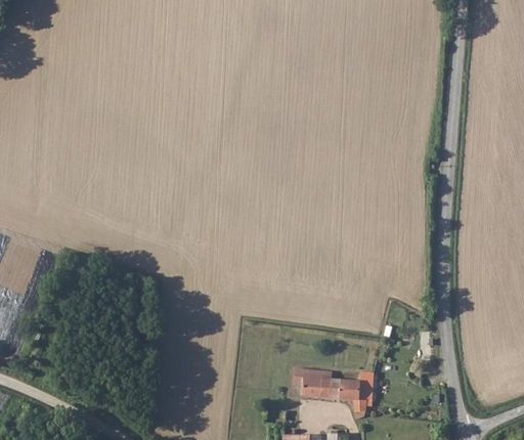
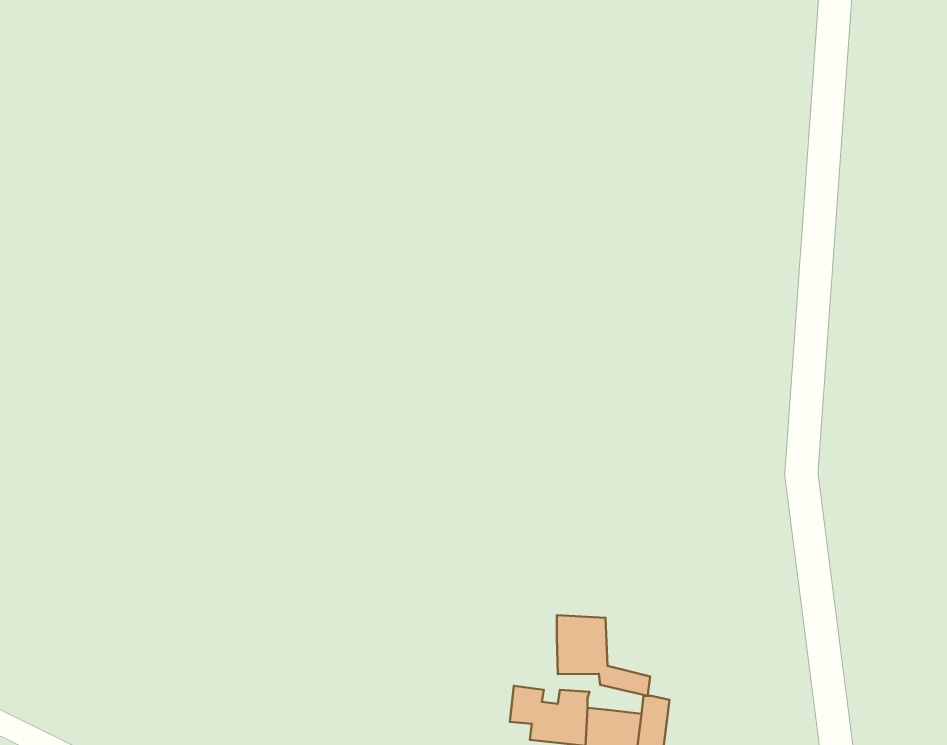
building: none -> [557,615,650,696]

